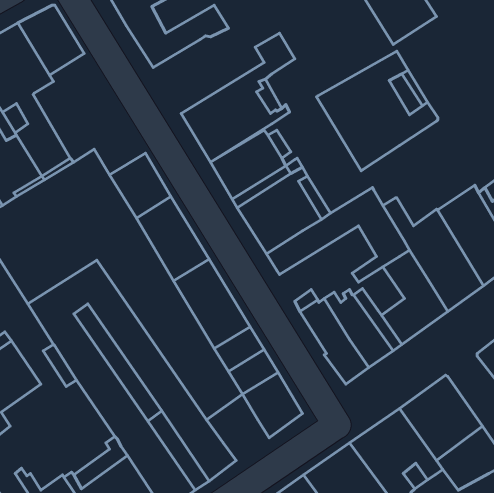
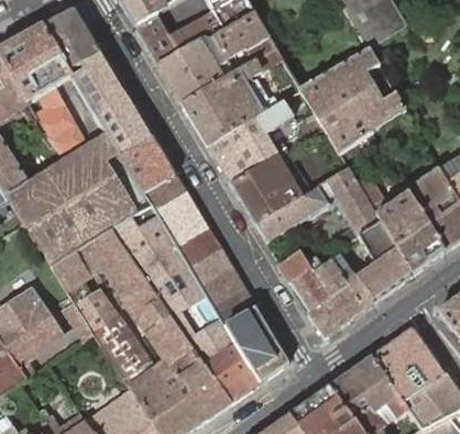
building: none -> [158,11,267,102]
building: none -> [69,51,152,155]
building: none -> [205,344,259,401]

